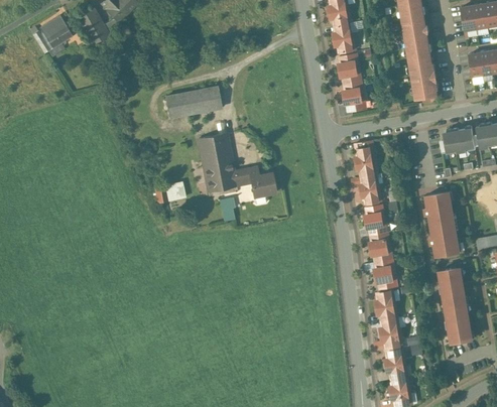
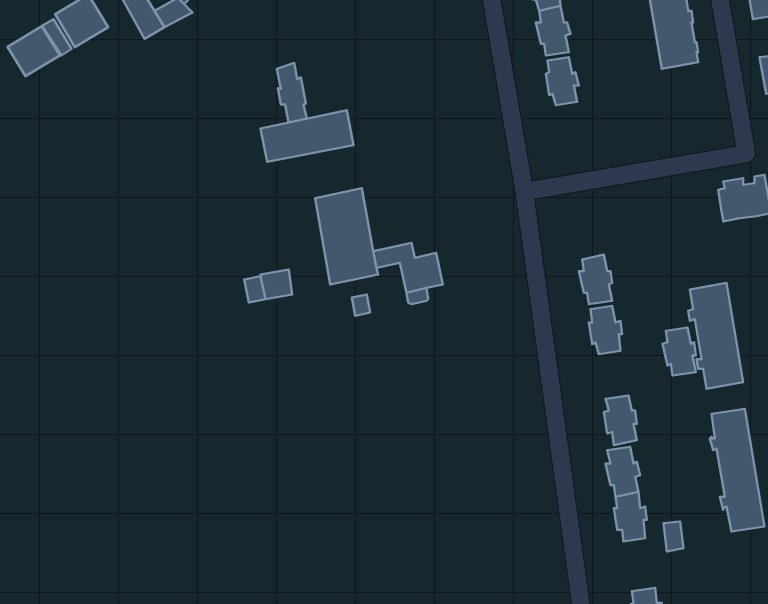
building: none -> [8,26,60,76]
building: [408,57,437,100] -> none
building: none -> [277,63,307,123]
building: [342,82,362,112] -> none
building: [354,147,374,177] -> none
building: [368,233,388,262] -> [663,327,696,375]
building: [384,350,404,379] -> none

